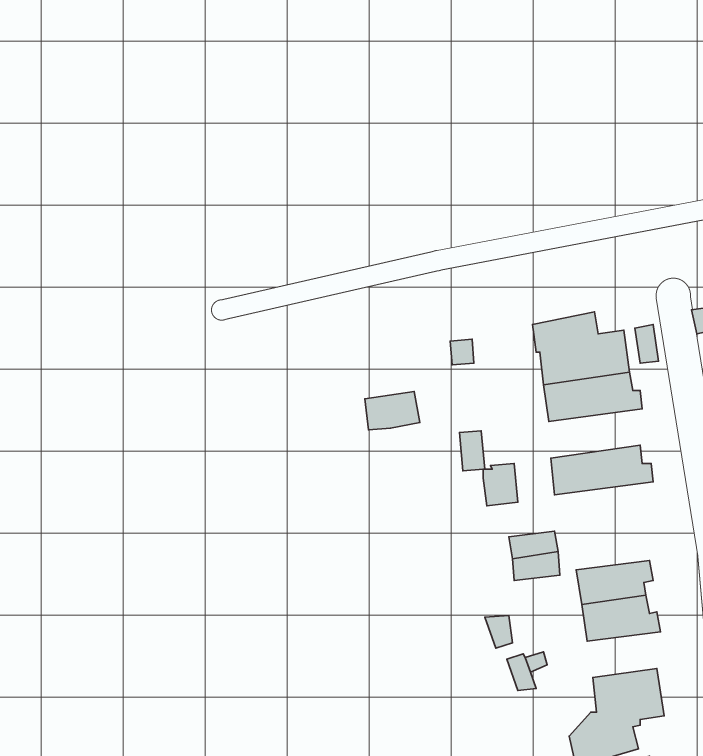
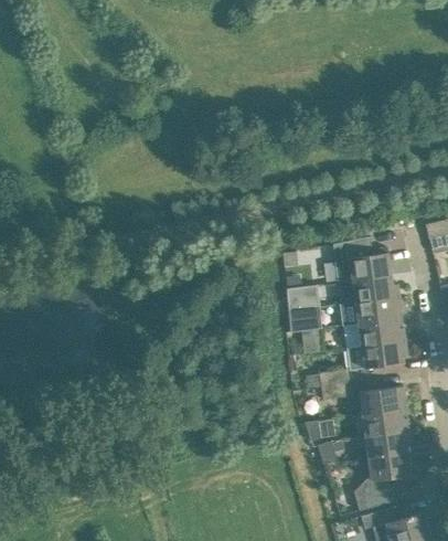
building: [365,391,420,430] -> [287,286,320,309]
building: none -> [341,295,402,325]
building: none -> [346,339,408,371]
building: none -> [356,429,412,457]

